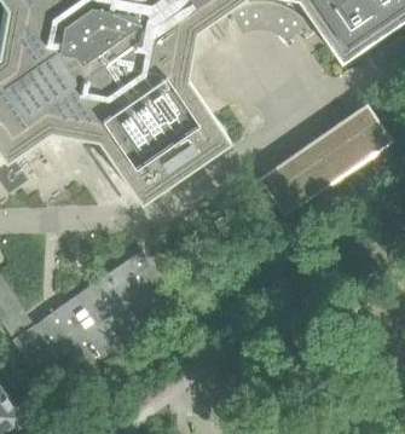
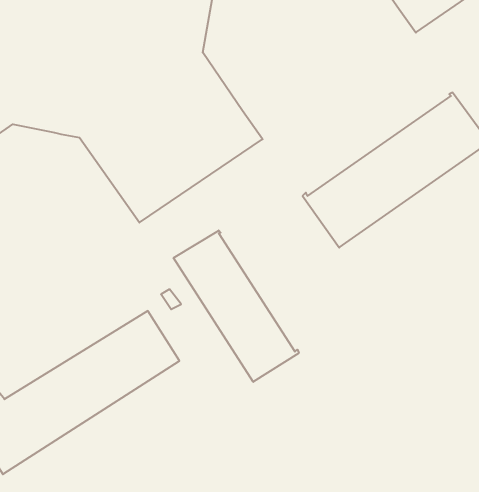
building: none -> [174,230,299,382]

